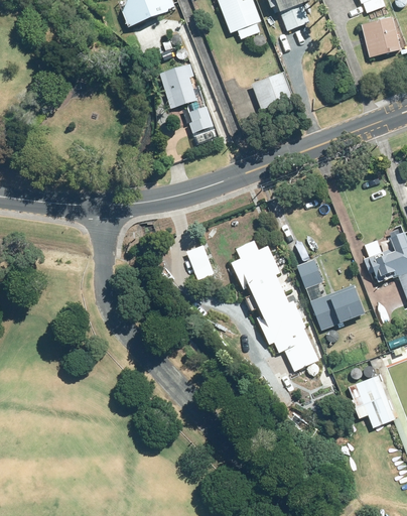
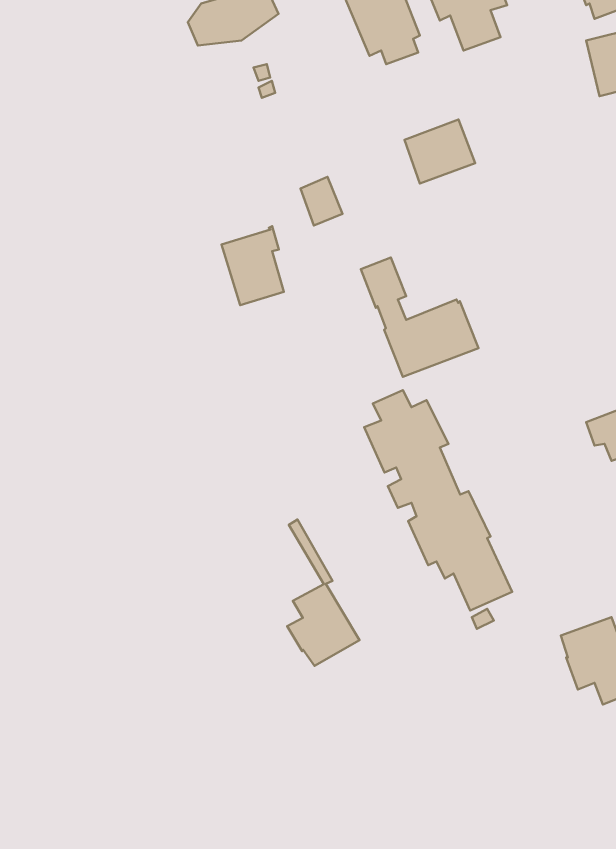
building: [160,63,197,111] -> [222,226,284,305]
building: [184,241,214,276] -> none
building: [294,255,365,327] -> [361,258,478,377]
building: none -> [287,519,360,666]

